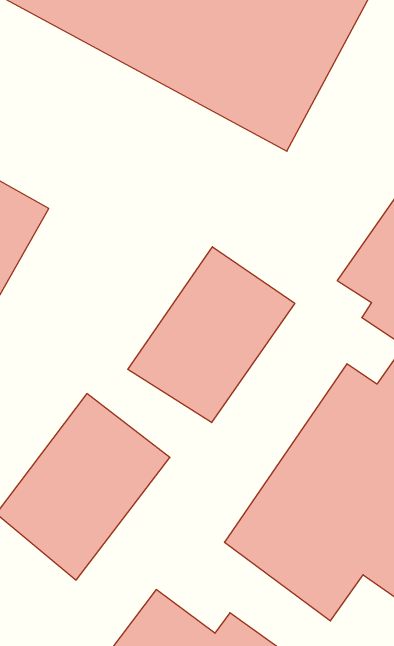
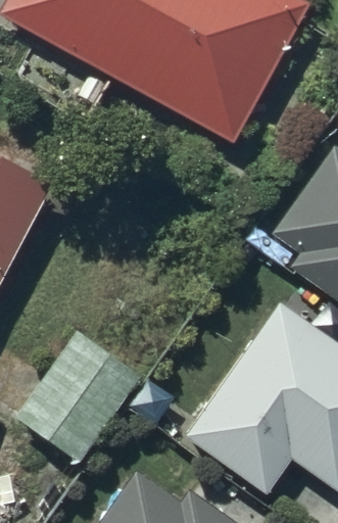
building: [128,247,295,423] -> none

